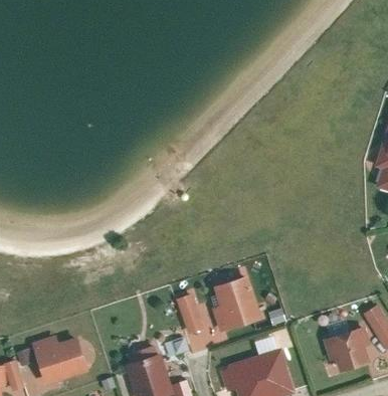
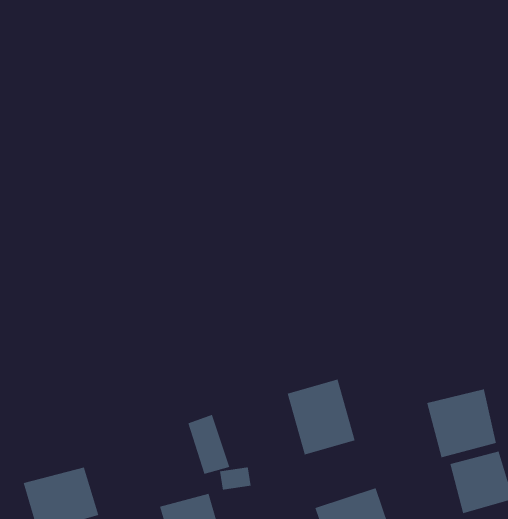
building: none -> [427,389,497,458]
building: [177,291,206,333] -> [188,414,230,474]

